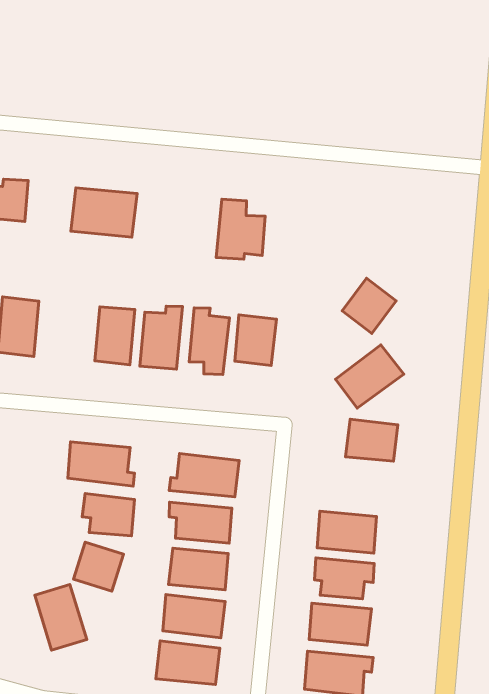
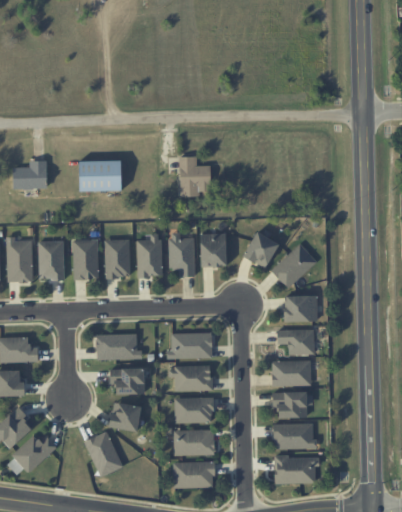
building: [342,278,396,333] -> [243,231,279,268]
building: none -> [73,240,98,279]
building: none -> [277,329,314,354]

